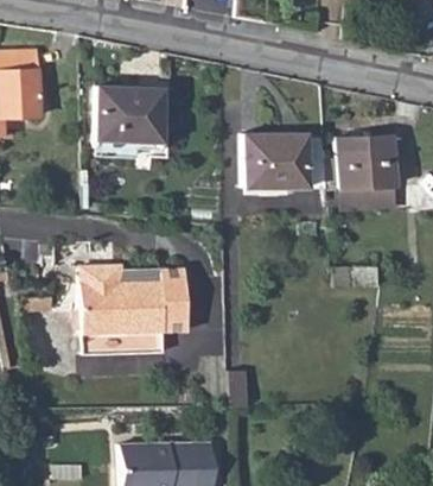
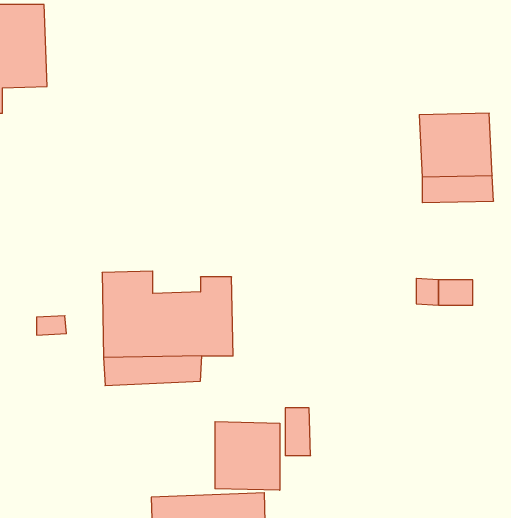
building: [94,88,163,160] -> none
building: [243,133,305,187] -> none
building: none -> [215,422,280,490]

